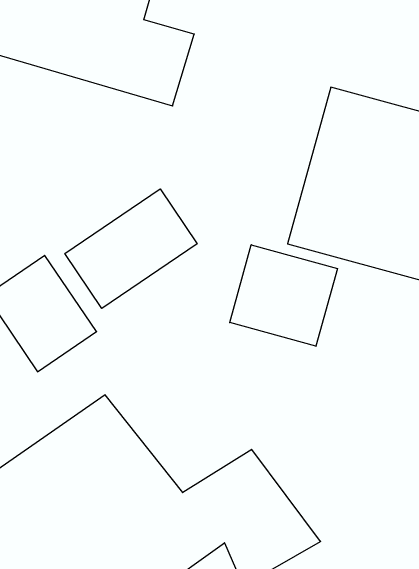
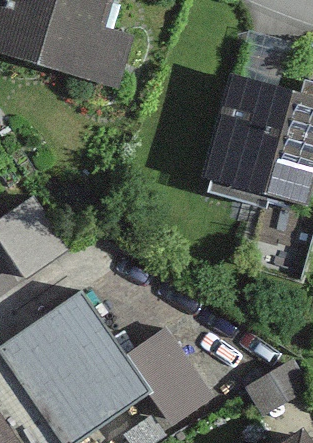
building: [65,189,197,308] -> none
building: [230,245,337,346] -> none

